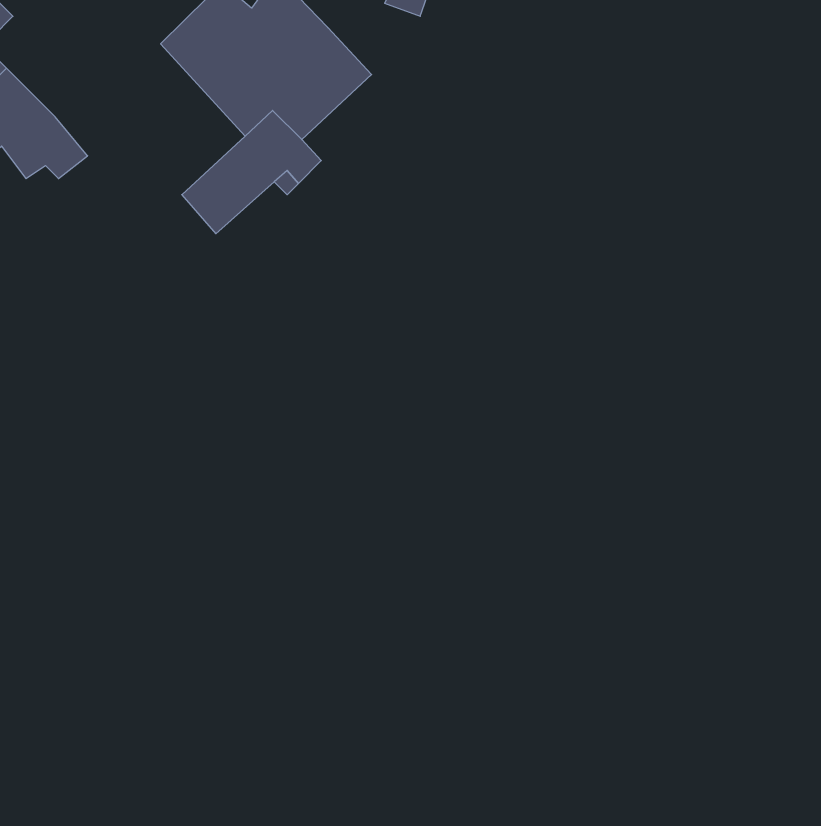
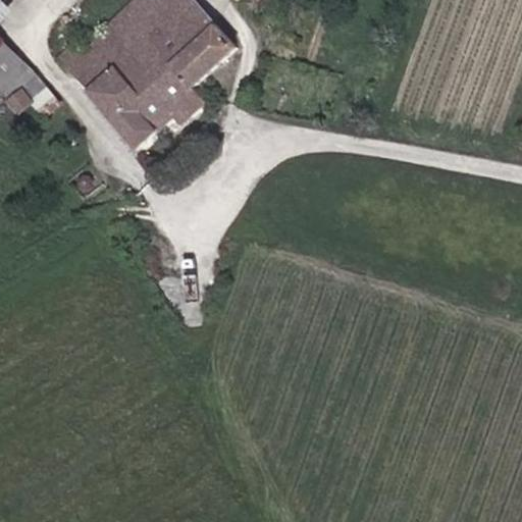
building: none -> [53,28,154,122]

